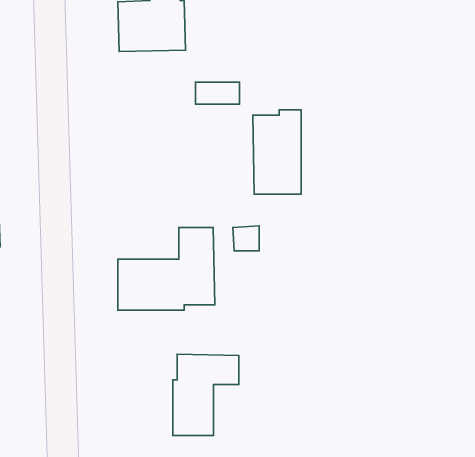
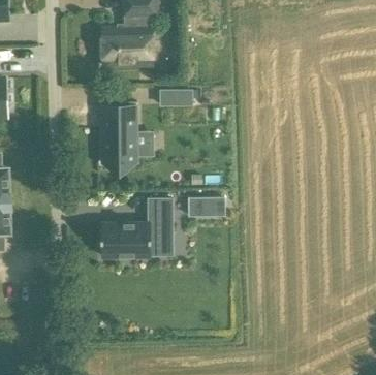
building: [253,110,301,194] -> [101,101,137,164]
building: [173,354,239,435] -> none

